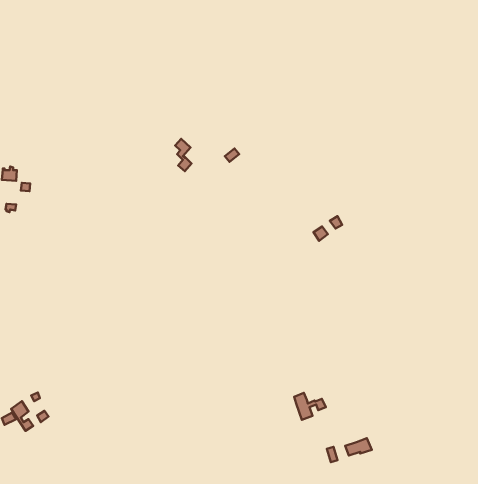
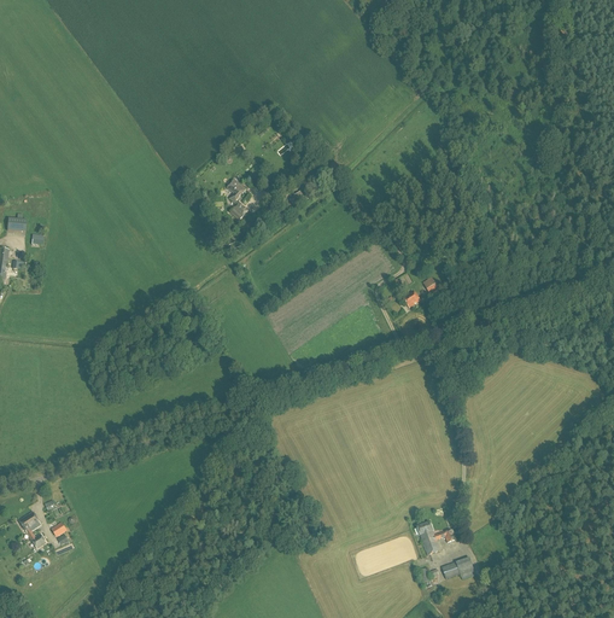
building: [294,393,326,420] -> [417,521,457,555]

